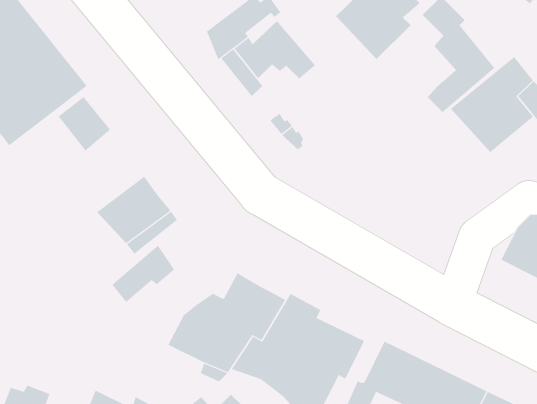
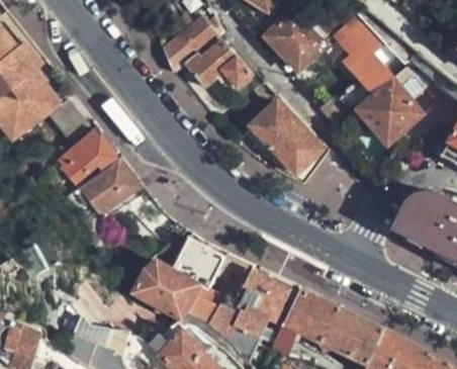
building: none -> [251,102,321,175]
building: [112,245,175,303] -> [63,139,112,184]

